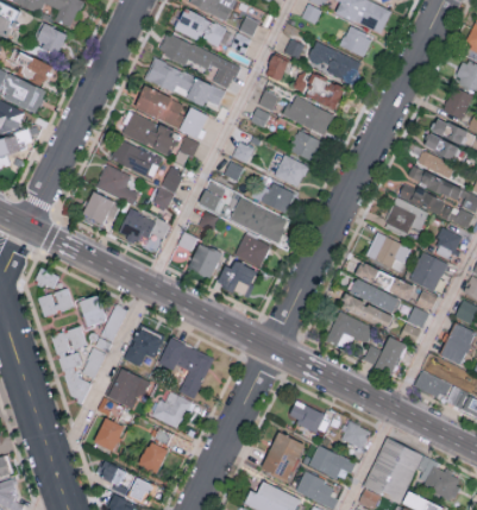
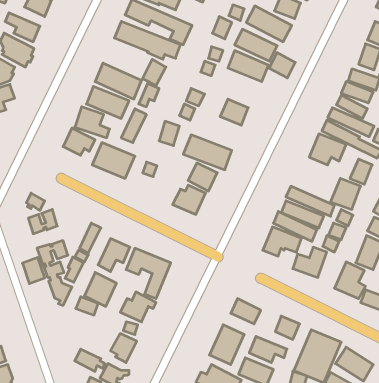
building: [133,84,183,127] -> none
building: [289,130,321,160] -> [269,53,295,78]
building: [251,183,295,213] -> none
building: [365,232,412,272] -> none
building: [187,243,221,278] -> none
building: [80,297,107,329] -> [22,257,45,284]
building: [94,418,126,455] -> none

